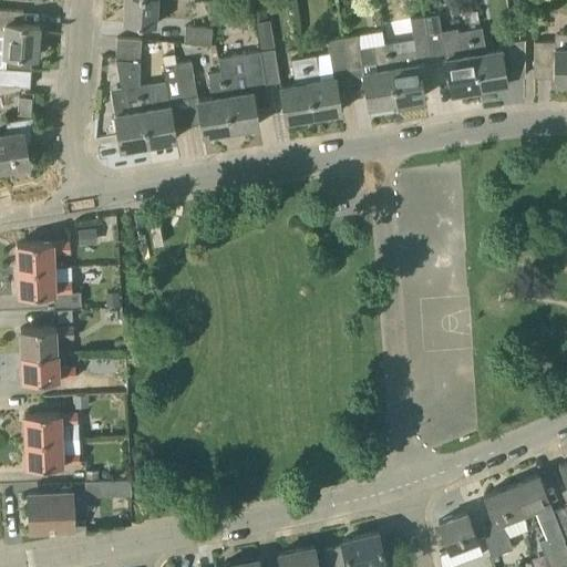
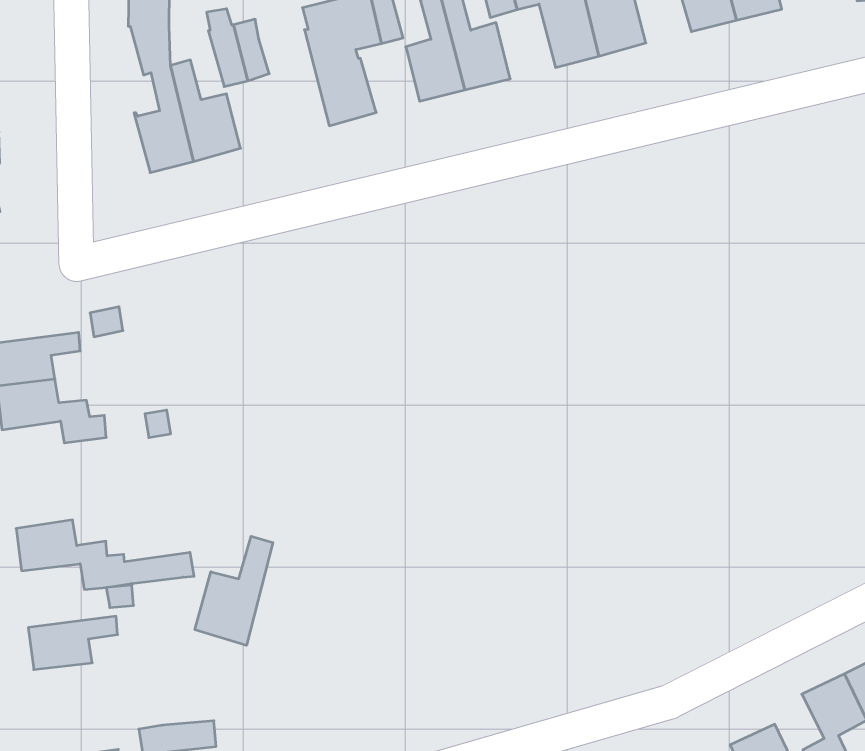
building: [197,74,230,137] -> none
building: [21,330,74,358] -> none
building: none -> [195,536,273,645]
building: [25,442,80,468] -> none

